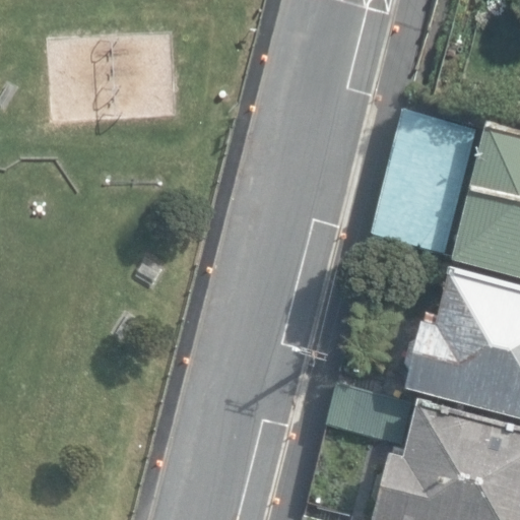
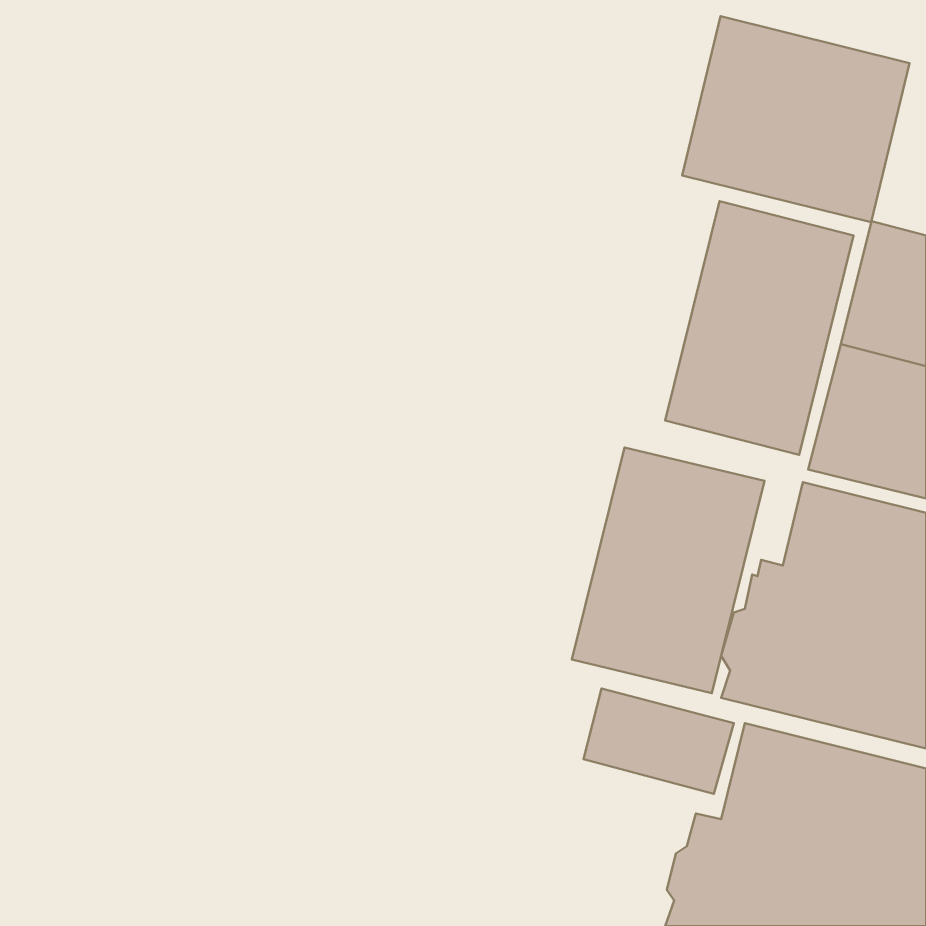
building: none -> [682,16,909,222]
building: none -> [572,447,764,693]

